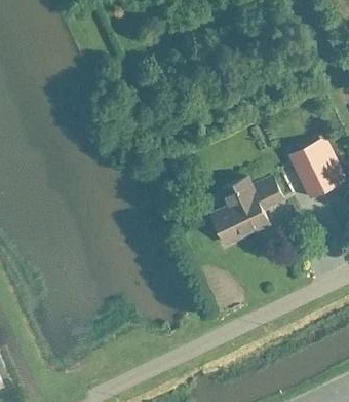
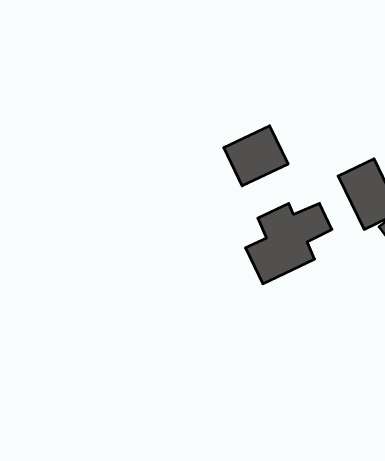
building: none -> [224,126,288,186]

